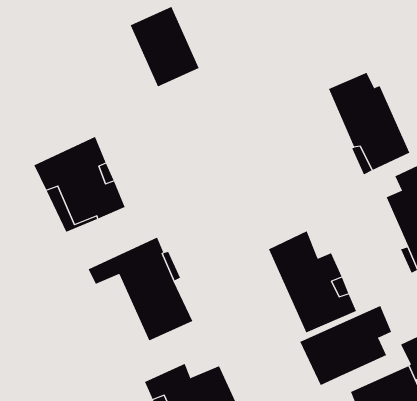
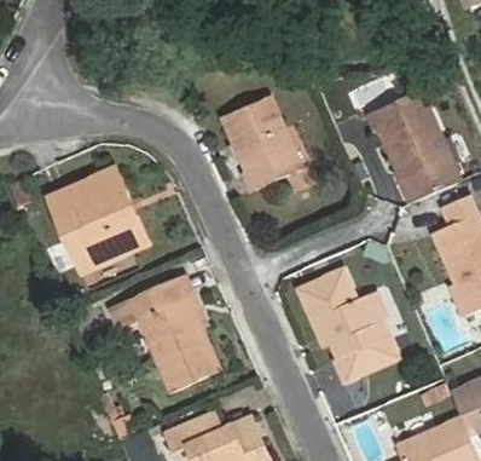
building: [130,6,200,87] -> [228,100,305,189]
building: [299,305,392,386] -> none

